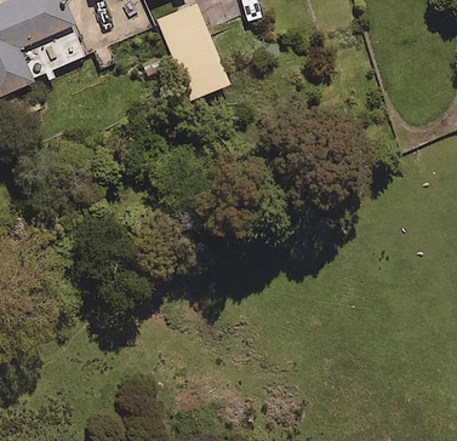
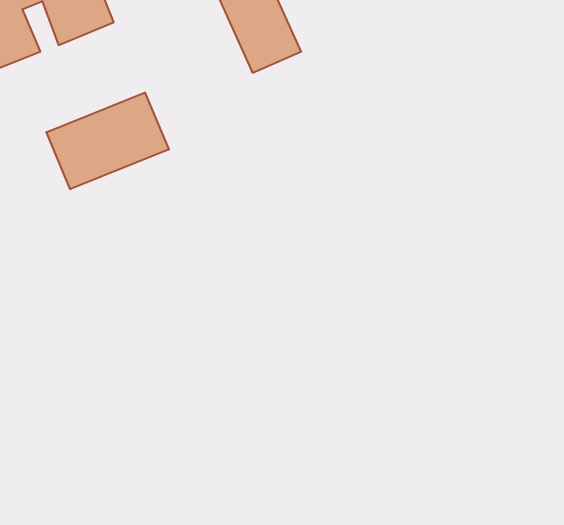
building: none -> [46,92,169,189]

